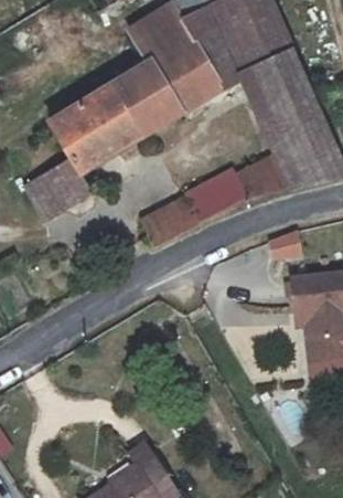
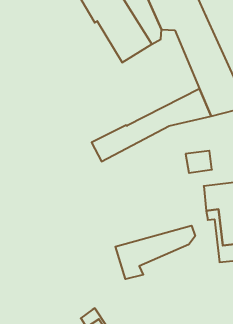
building: [25,59,182,220] -> none
building: none -> [115,226,195,279]

